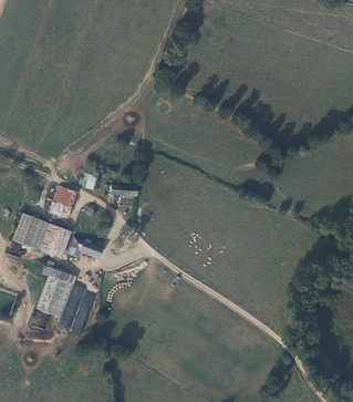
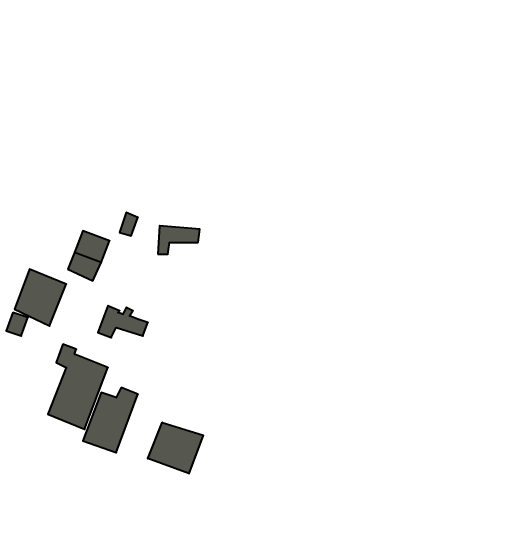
building: [37,221,71,258] -> none
building: none -> [148,422,203,474]

